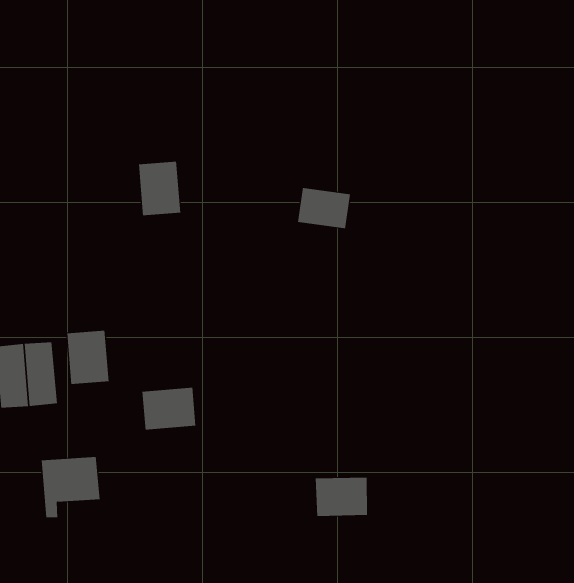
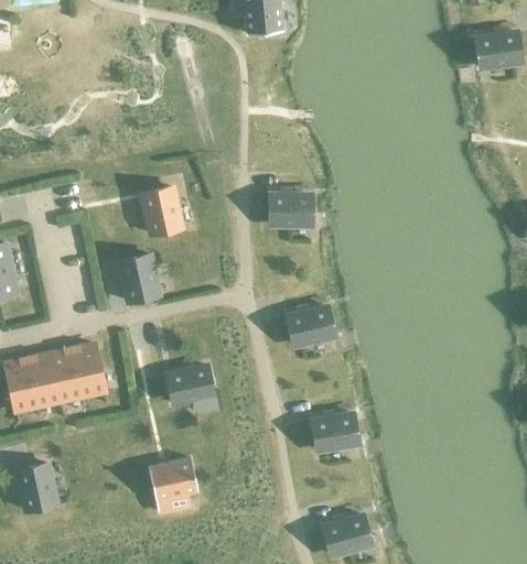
building: [67,330,109,385] -> [118,257,157,303]
building: none -> [287,305,334,344]
building: [41,457,100,518] -> [149,459,200,512]

